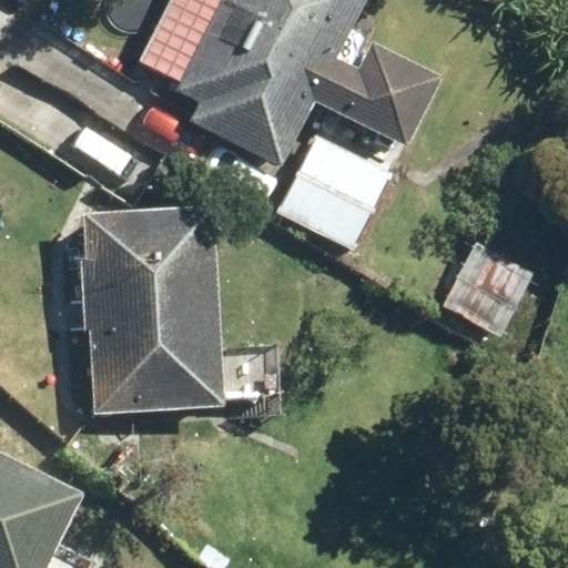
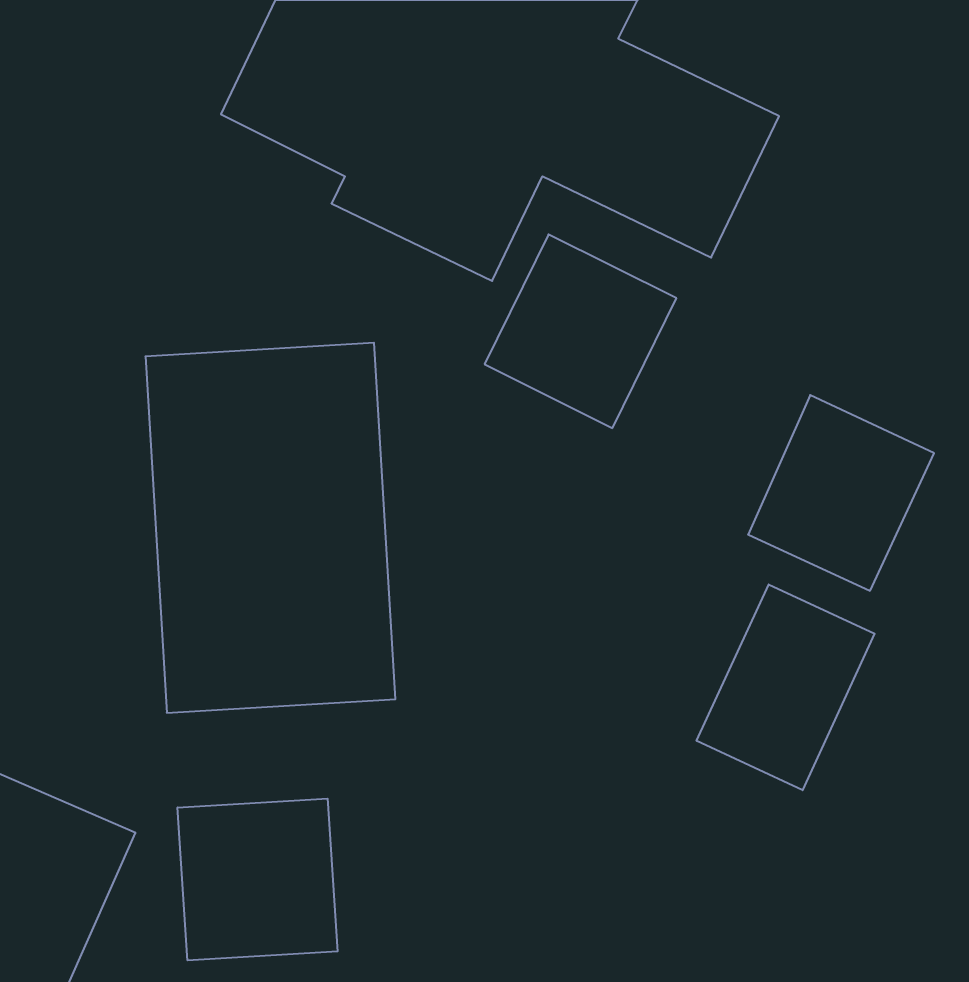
building: none -> [697,584,875,790]
building: none -> [178,799,338,960]

